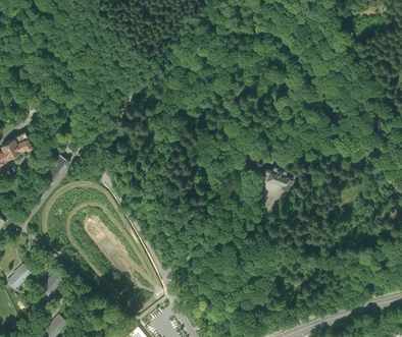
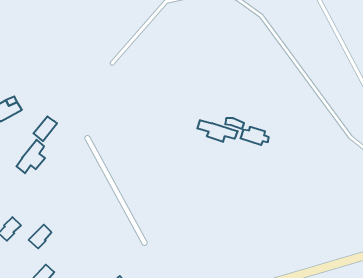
building: none -> [197,120,238,142]
building: none -> [16,140,45,173]

